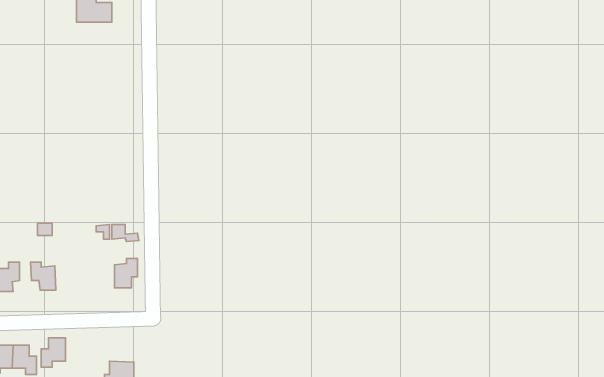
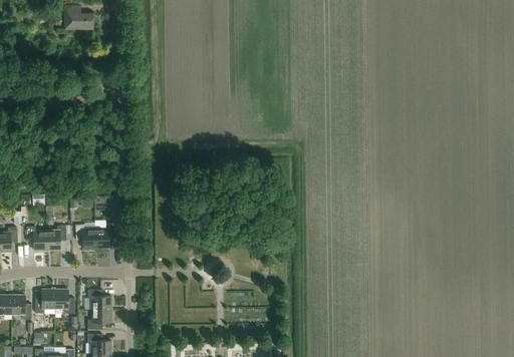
building: none -> [46,222,66,250]
building: none -> [75,225,95,249]
building: none -> [55,289,74,313]
building: none -> [87,289,111,309]

